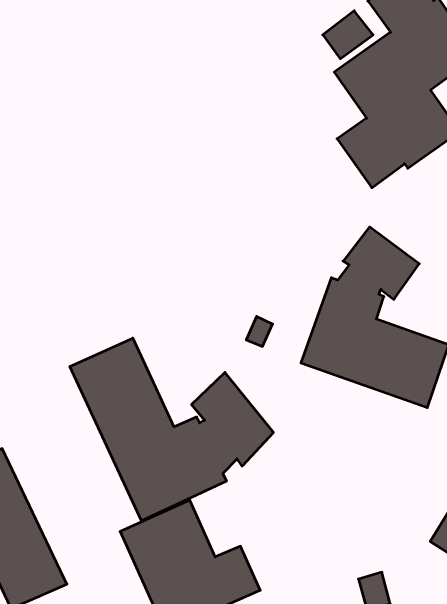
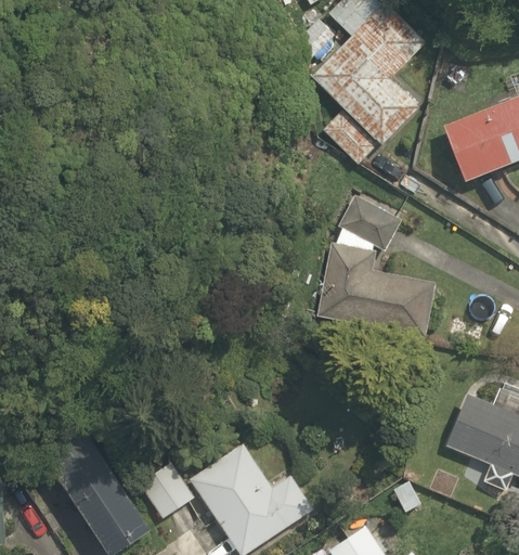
building: [70,338,273,521] -> none
building: none -> [140,462,194,518]

